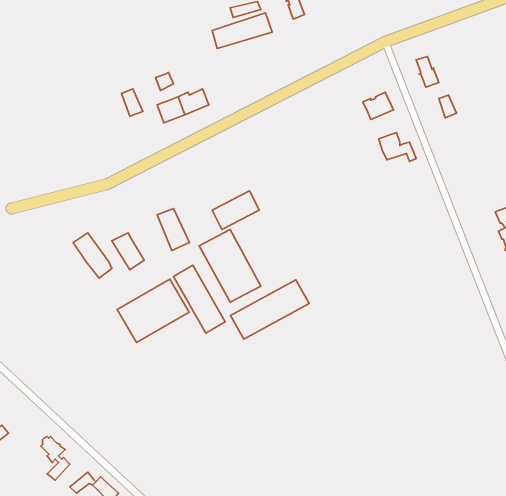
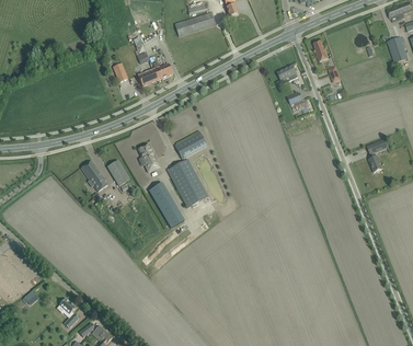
building: [117,279,189,342] -> none
building: [230,280,309,339] -> none

